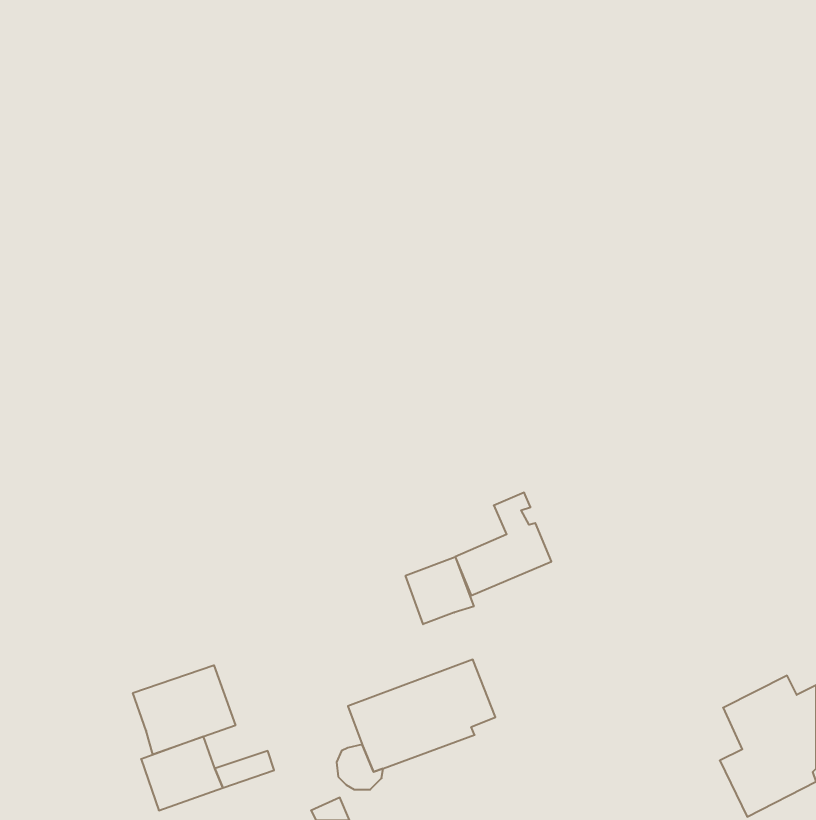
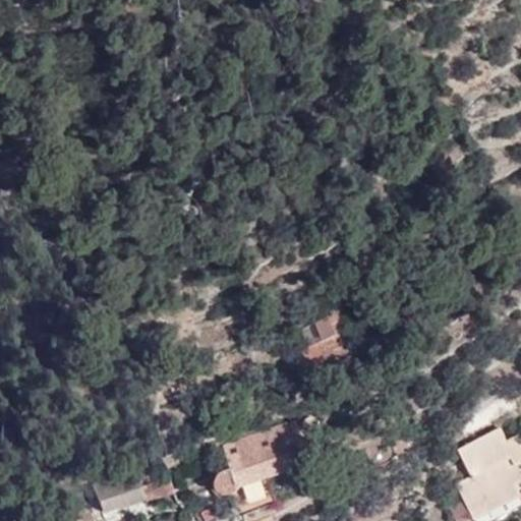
building: [406,557,474,624] -> none
building: [133,665,235,754] -> none

